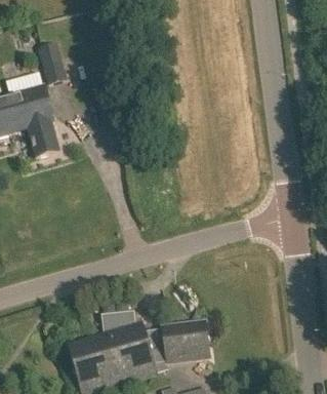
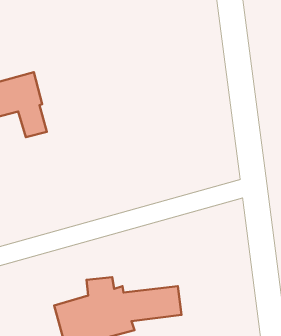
building: [38,44,66,84] -> none

